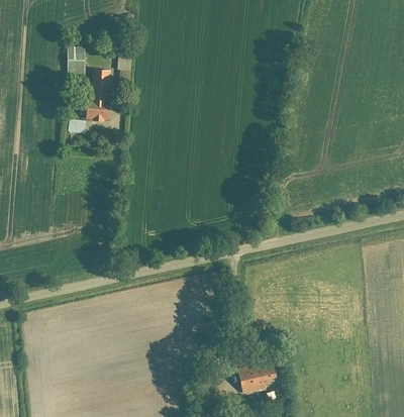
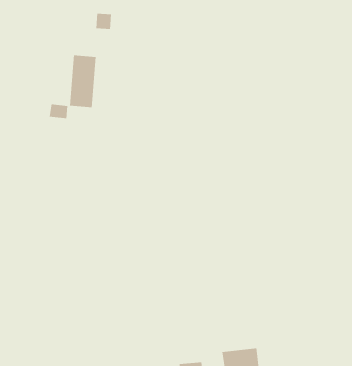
building: [68,49,84,76] -> none

